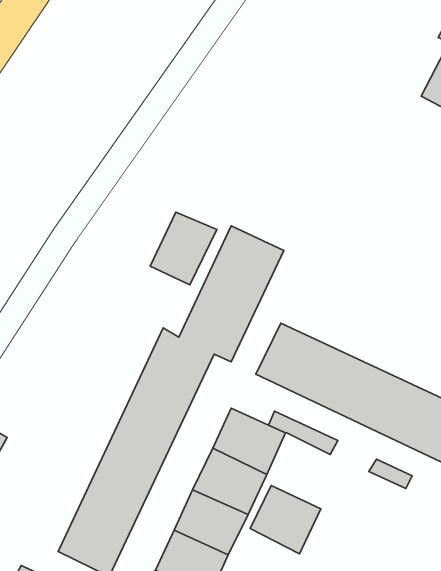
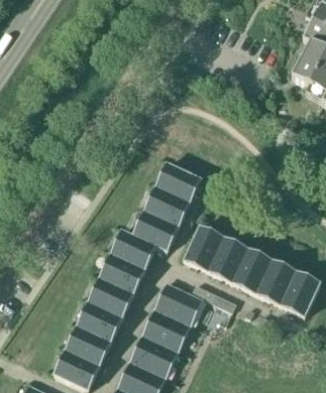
building: [150,212,217,285] -> none
building: [250,486,321,554] -> none

